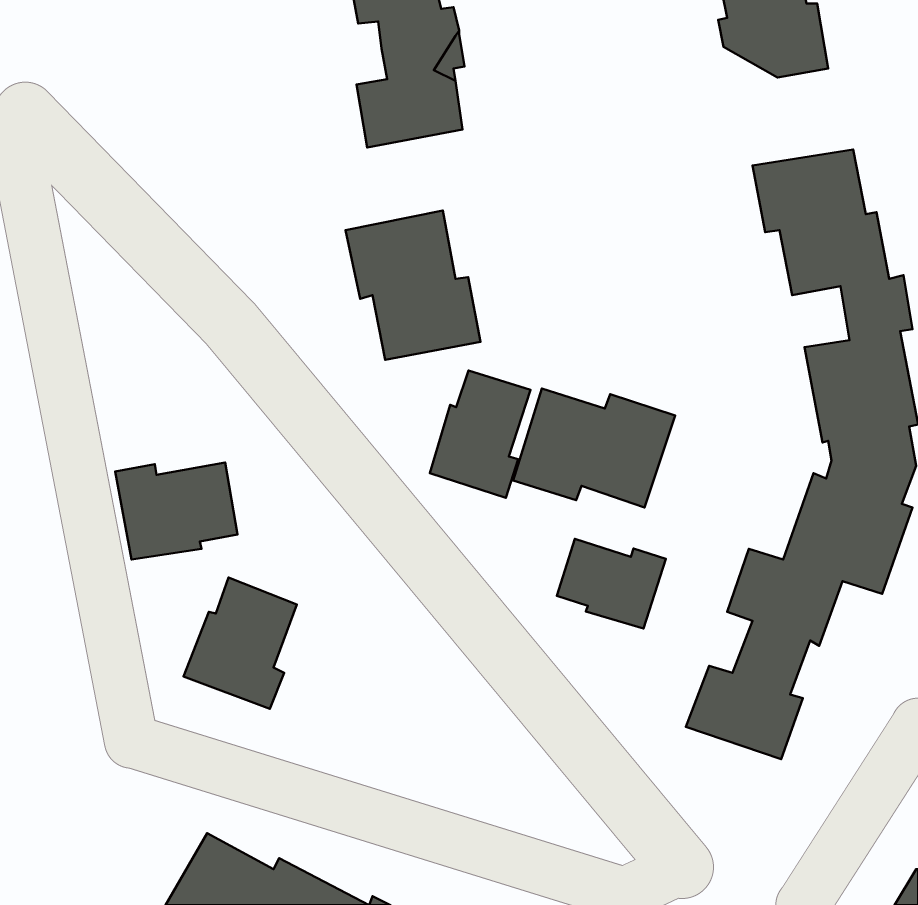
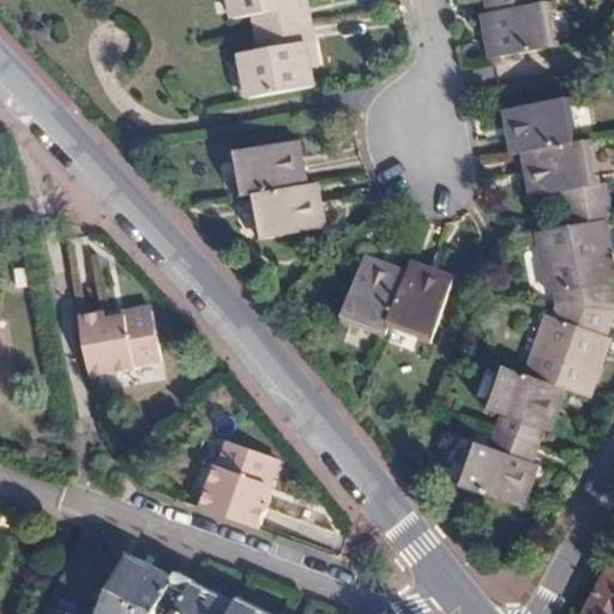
building: [430,370,530,498] -> none
building: [557,539,666,628] -> none
building: [184,578,297,709] -> [193,432,269,519]

